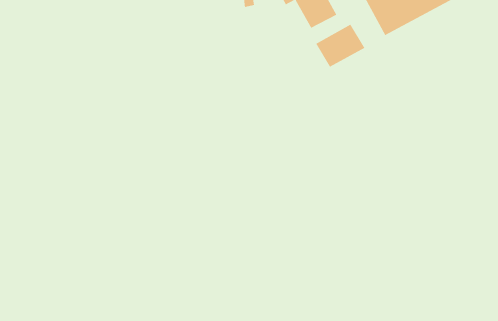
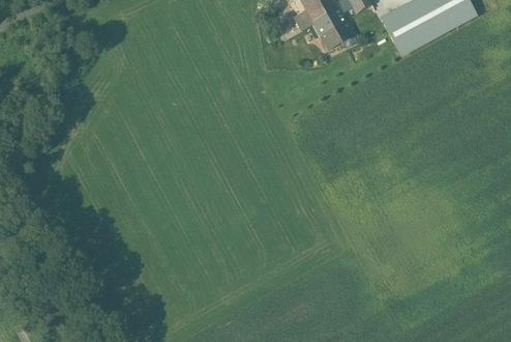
building: [315,24,365,68] -> none

